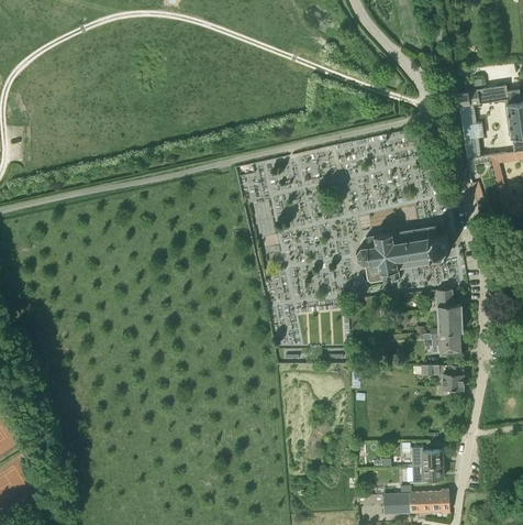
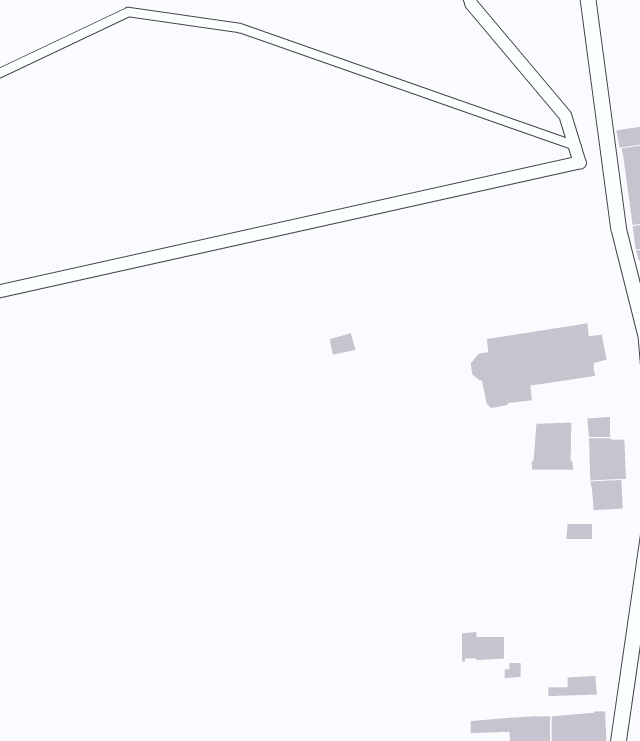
building: none -> [531,422,574,471]
building: [442,365,464,389] -> none
building: [412,447,442,468] -> [461,631,505,662]

